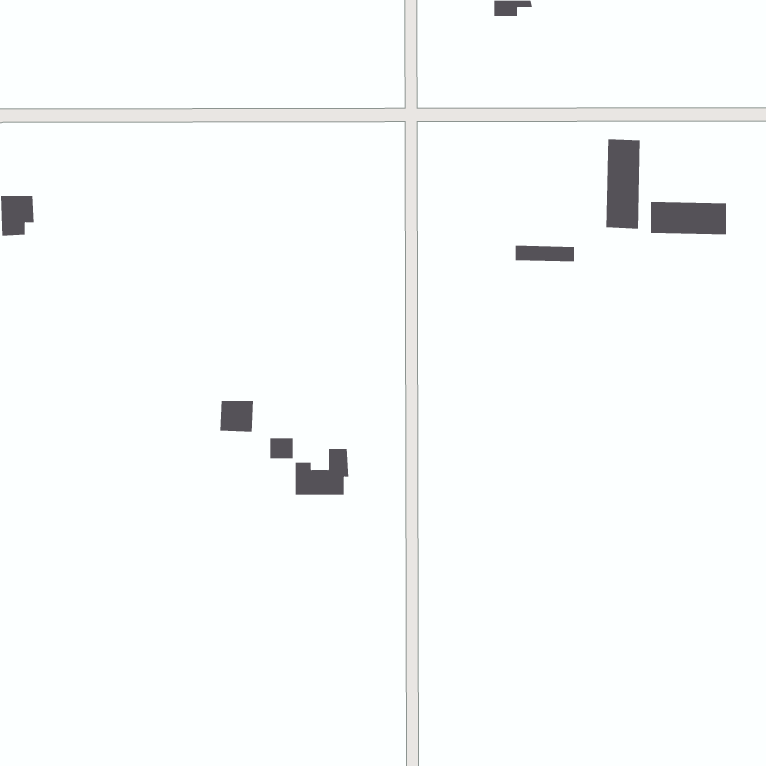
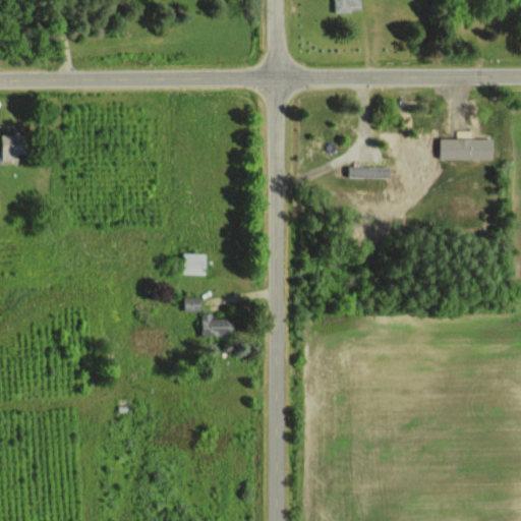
building: [606,138,640,229] -> none
building: [219,401,254,432] -> [183,254,207,276]

